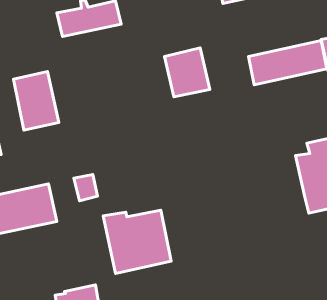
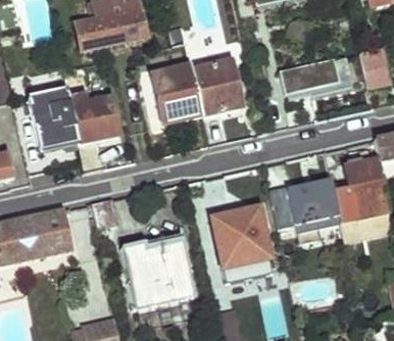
building: none -> [150,65,200,124]
building: none -> [70,98,115,143]
building: none -> [272,178,342,233]
building: none -> [213,207,270,287]

